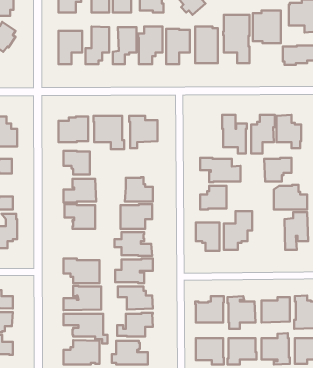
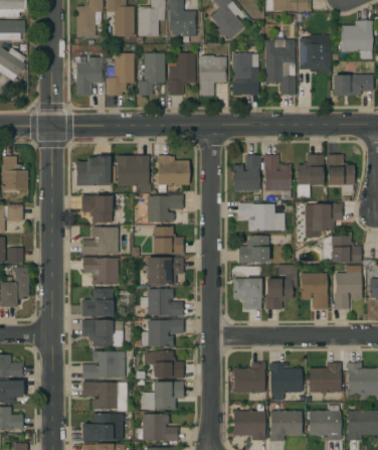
building: none -> [232,155,260,191]
building: none -> [141,195,183,222]
building: none -> [301,273,328,309]
building: none -> [81,289,113,316]

